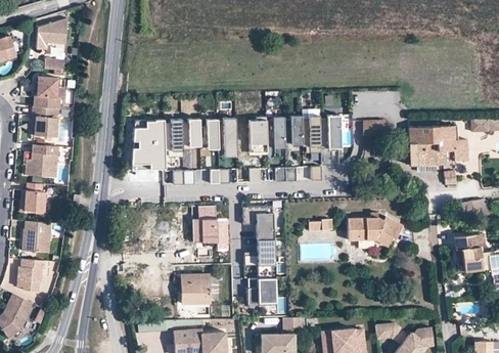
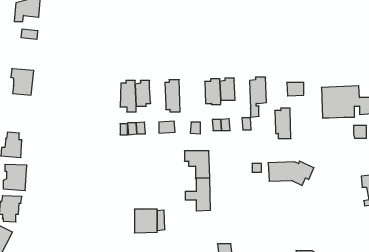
building: [34,76,59,107] -> none
building: [302,117,321,153] -> [275,108,291,139]
building: [250,118,267,153] -> none
building: [199,120,219,149] -> none
building: [133,122,165,168] -> none
building: [25,144,57,177] -> none
building: [191,208,226,249] -> none
building: [245,276,274,305] -> none

